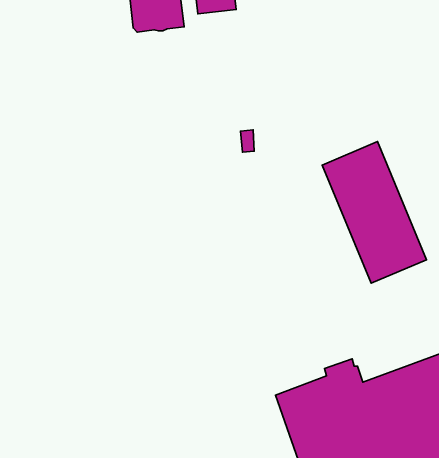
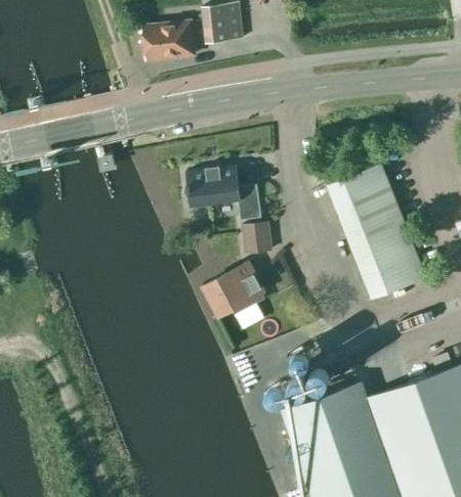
building: none -> [186,165,261,220]
building: none -> [242,223,269,255]
building: none -> [205,263,264,315]

